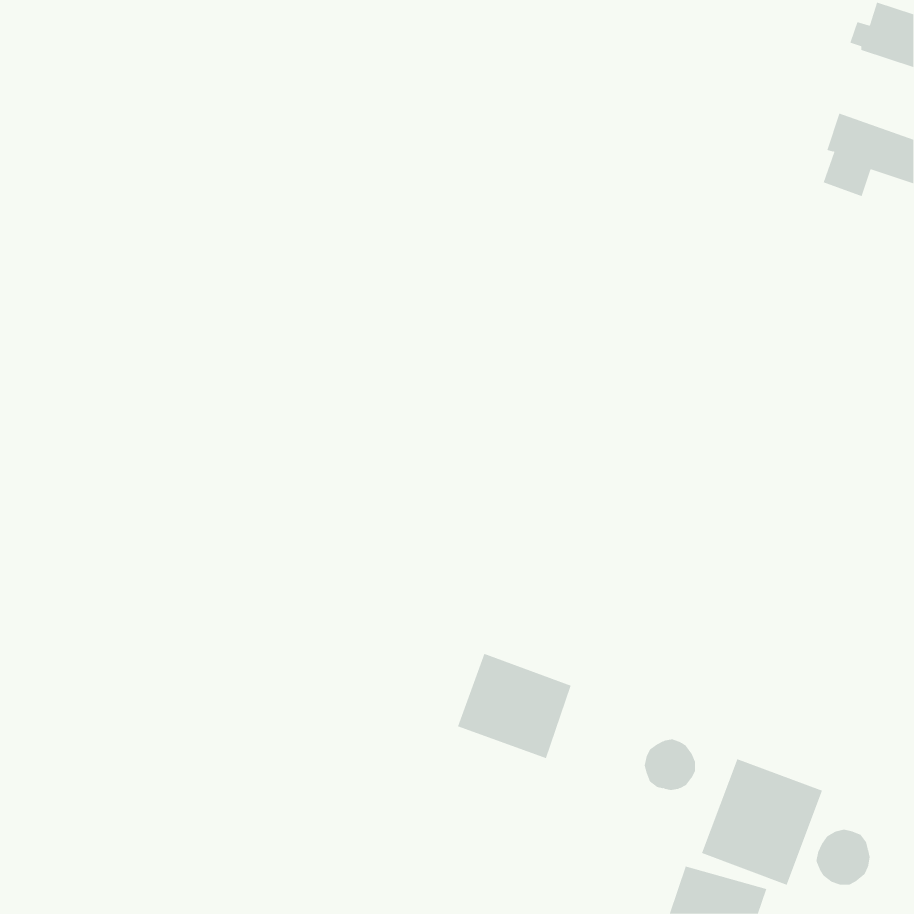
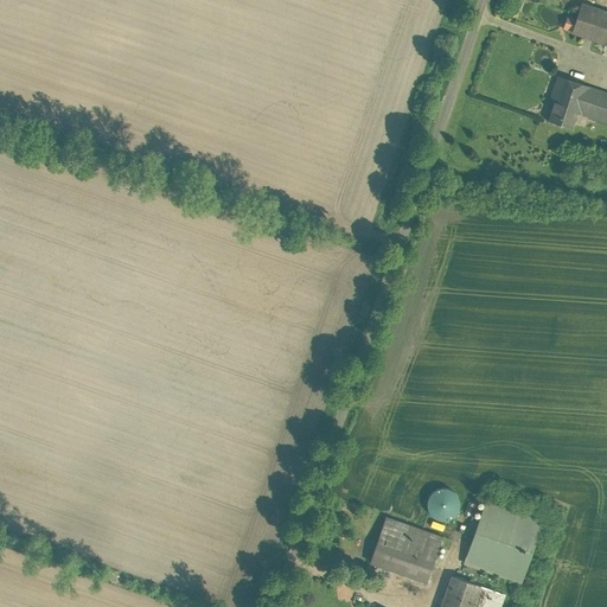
building: [457,653,572,759] -> [369,517,445,587]
building: [816,829,870,886] -> none

